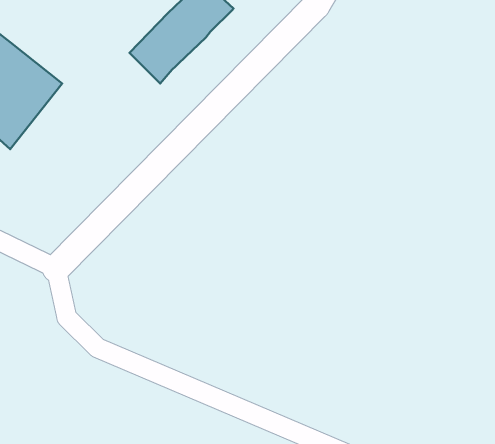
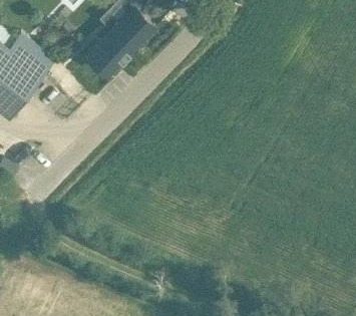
building: none -> [9,35,55,77]

